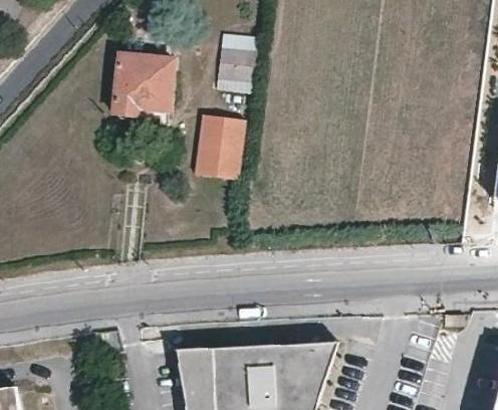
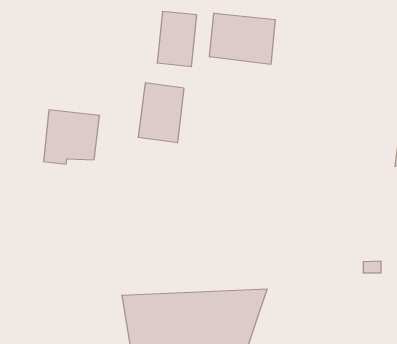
building: none -> [210,13,275,64]
building: [113,54,176,115] -> [43,110,100,164]

